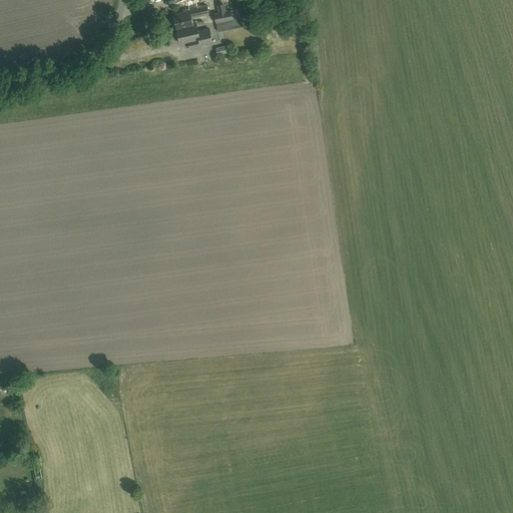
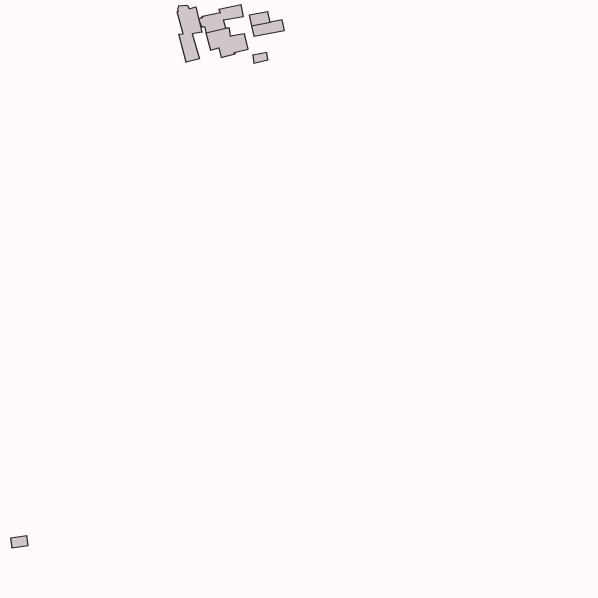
building: none -> [177,5,202,62]

